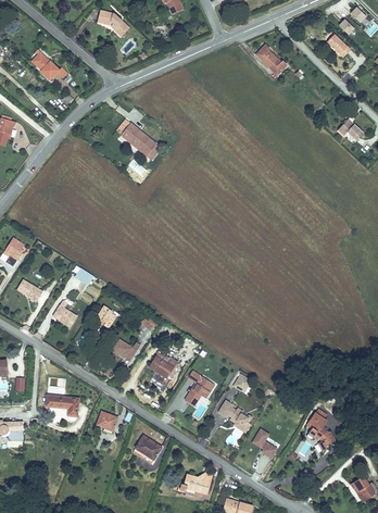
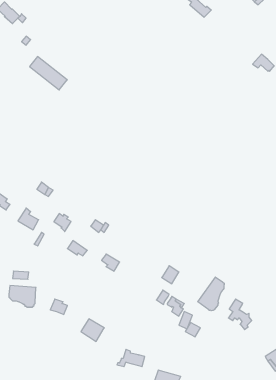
building: [121,121,166,161] -> [30,57,67,90]
building: [189,373,215,408] -> none
building: none -> [198,277,224,311]

